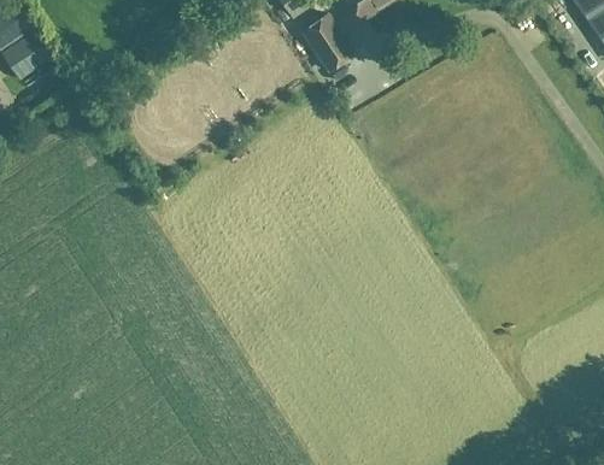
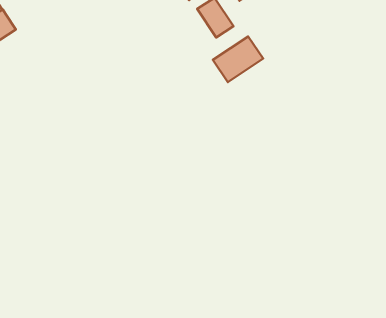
building: none -> [213,36,263,82]

